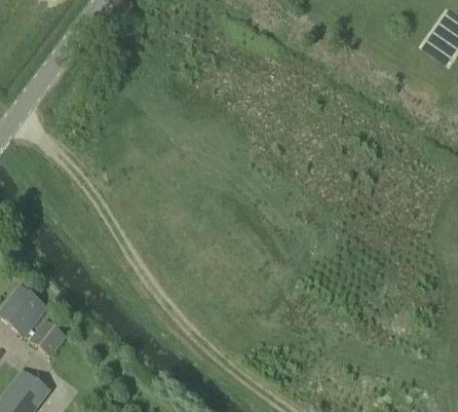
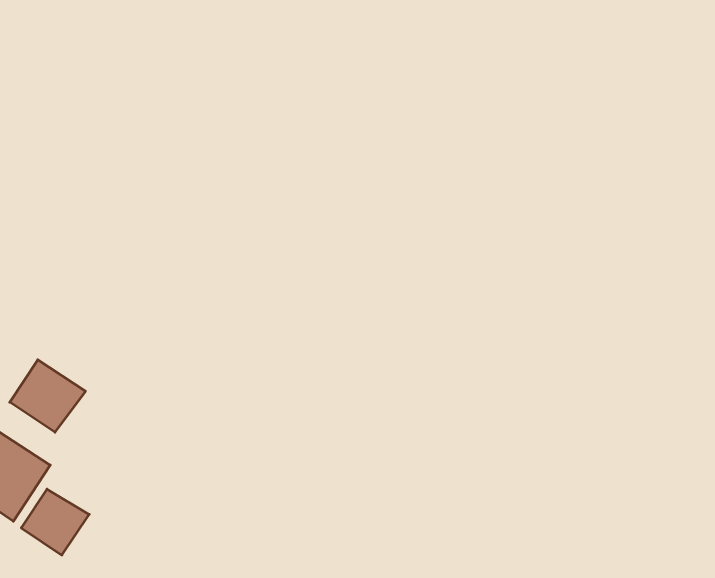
building: none -> [10,360,85,432]

